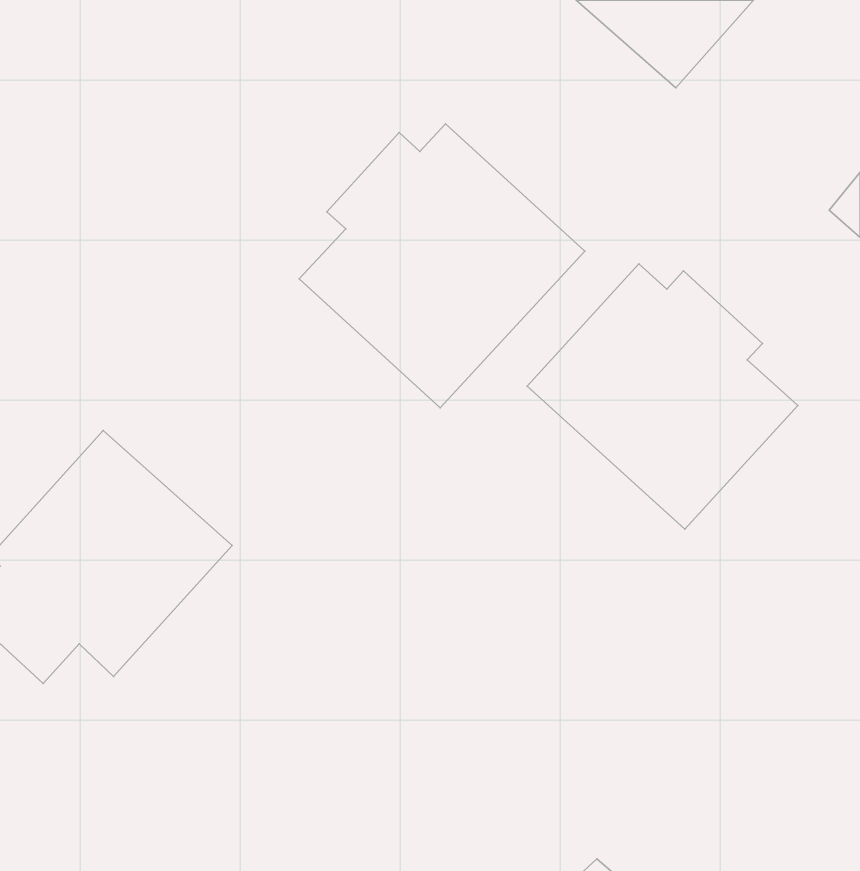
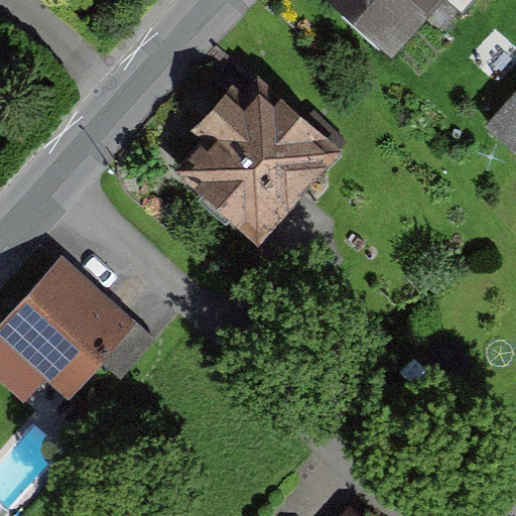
building: [527,264,798,529] -> none

